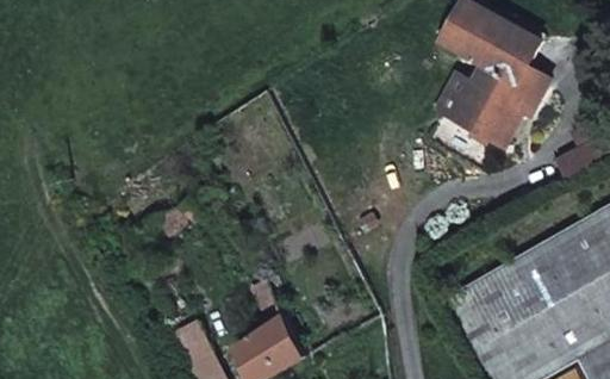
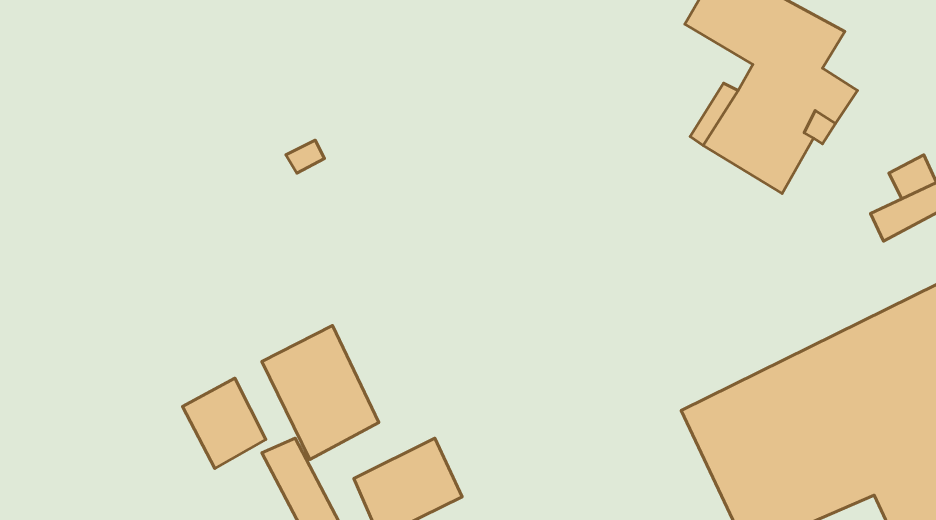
building: none -> [262,325,379,460]
building: none -> [183,378,266,468]

